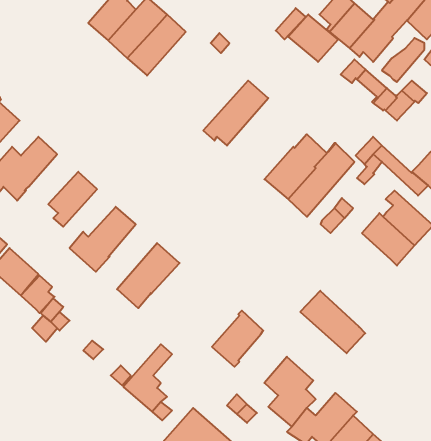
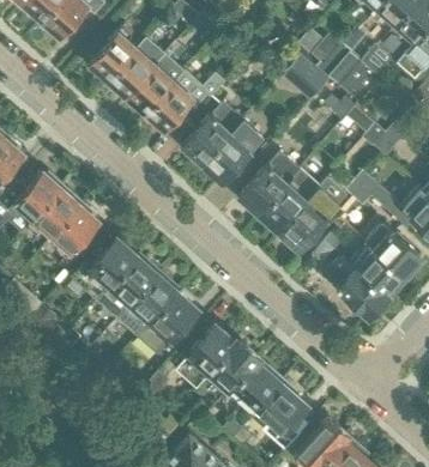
building: none -> [147,71,210,129]
building: none -> [185,101,244,165]
building: none -> [241,151,301,212]
building: none -> [30,188,81,236]
building: none -> [98,255,157,317]
building: none -> [139,292,198,352]
building: [300,291,365,353] -> [325,254,387,314]
building: none -> [177,325,236,386]
building: none -> [235,360,282,407]

